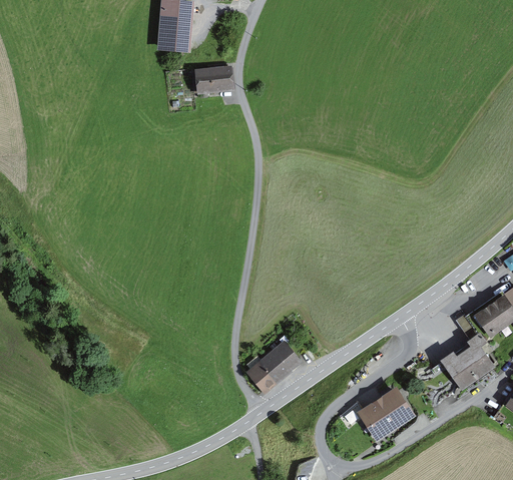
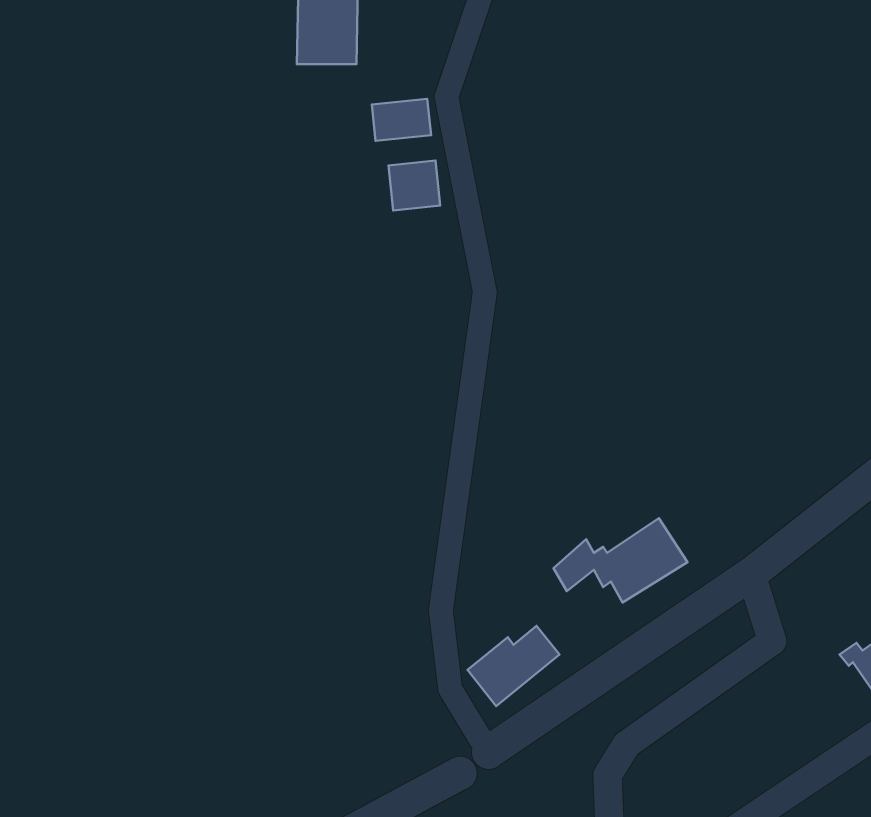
building: none -> [389,161,440,210]
building: [341,391,411,435] -> [553,518,688,603]

